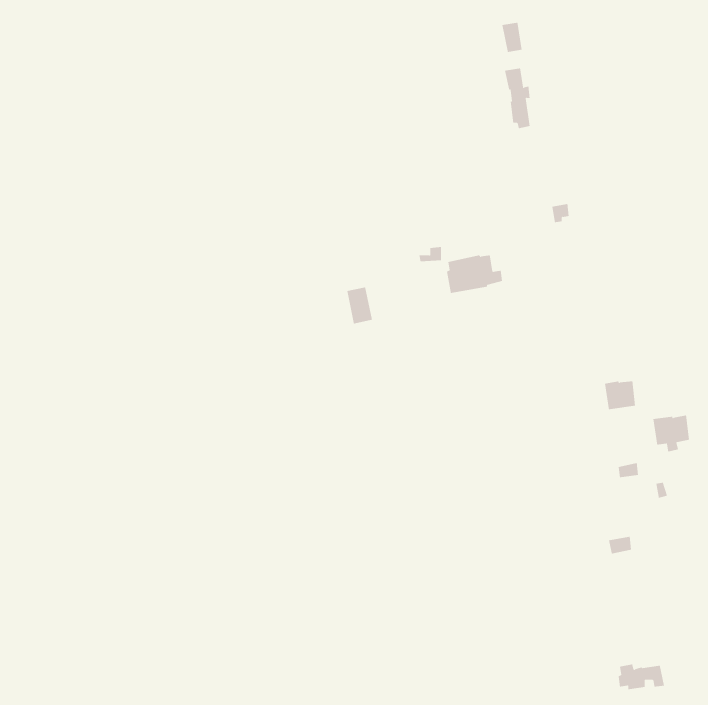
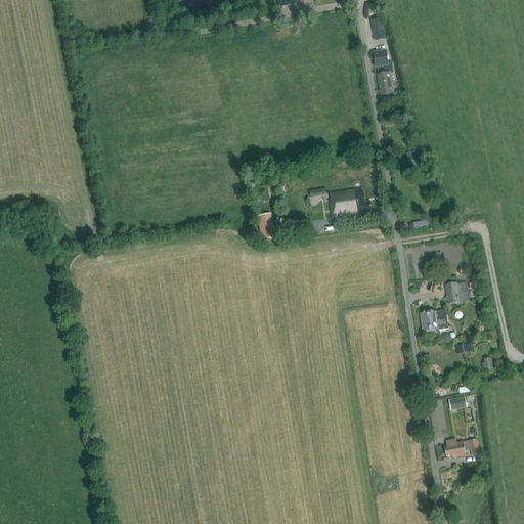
building: [652,415,690,452] -> [421,308,448,336]
building: [618,664,665,690] -> [444,438,479,457]

